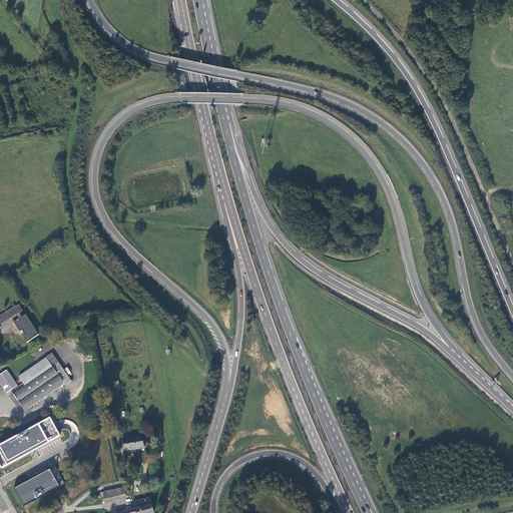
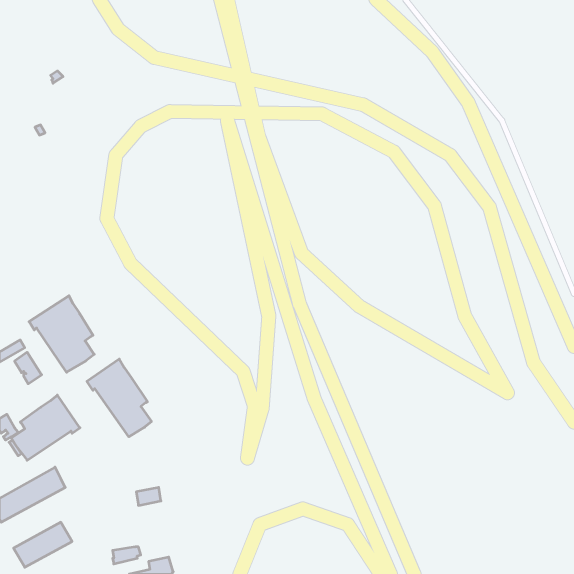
building: none -> [29,296,94,372]
building: none -> [87,359,151,437]

